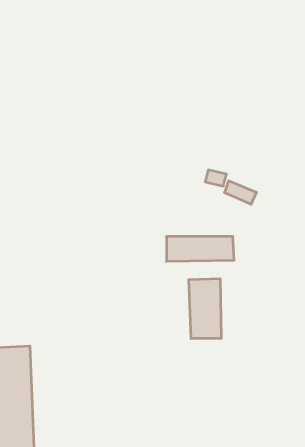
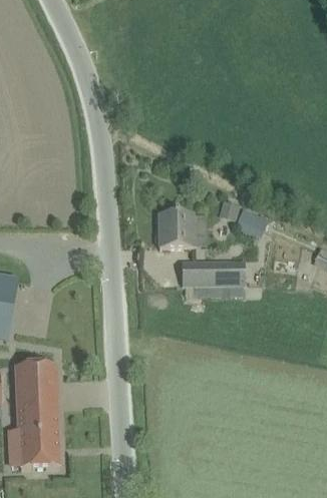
building: none -> [159,213,194,248]
building: [189,279,221,339] -> none

